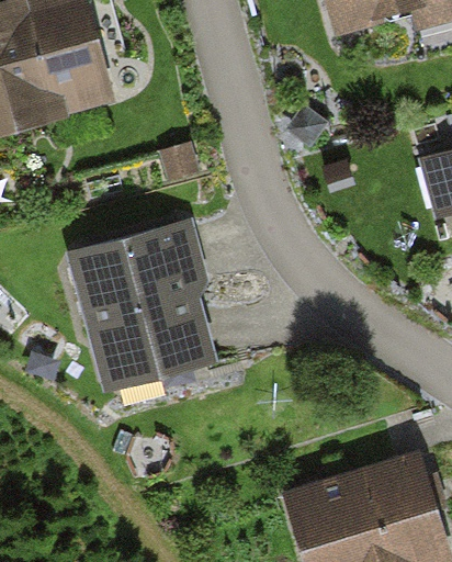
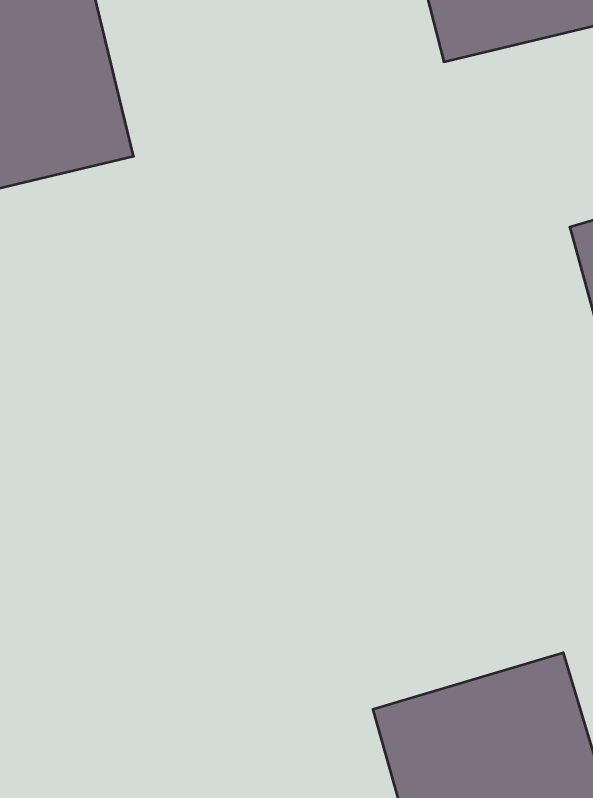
building: [74,221,216,386] -> none

